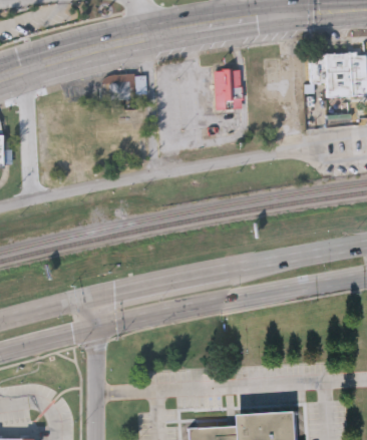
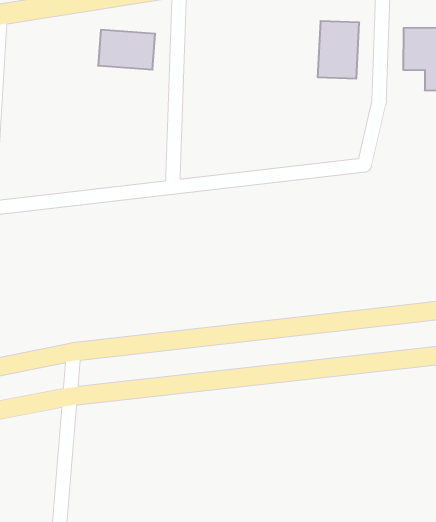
building: [213,69,241,109] -> [318,21,359,79]

